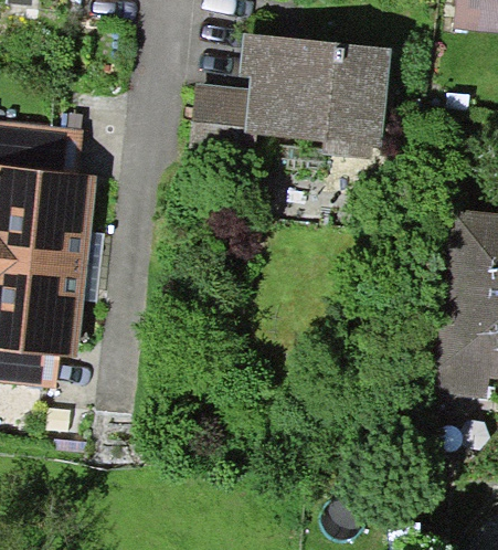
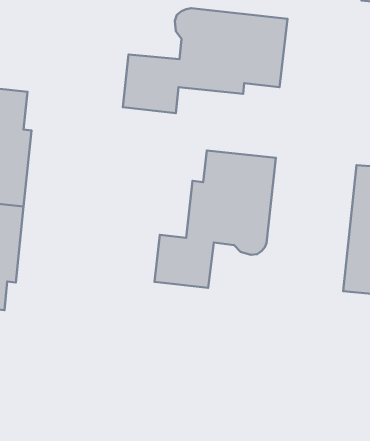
building: none -> [155,150,276,288]

